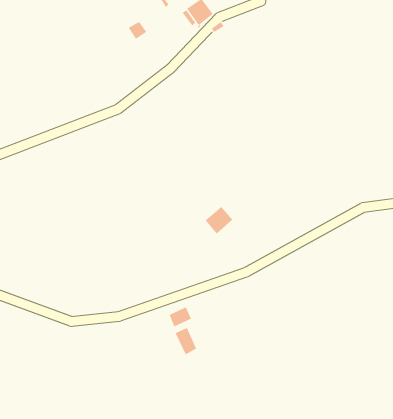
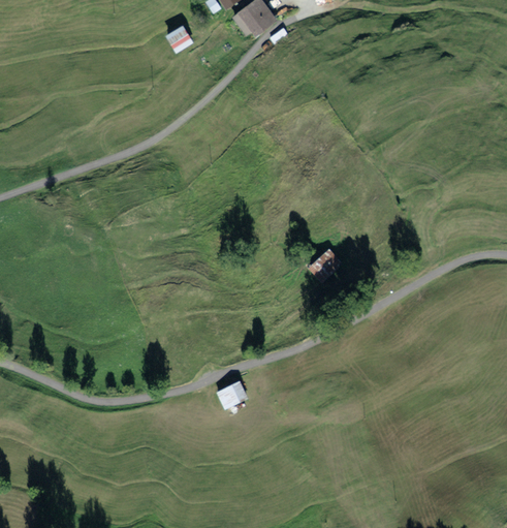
building: [205,206,233,235] -> [308,246,343,281]
building: [175,327,197,355] -> none

